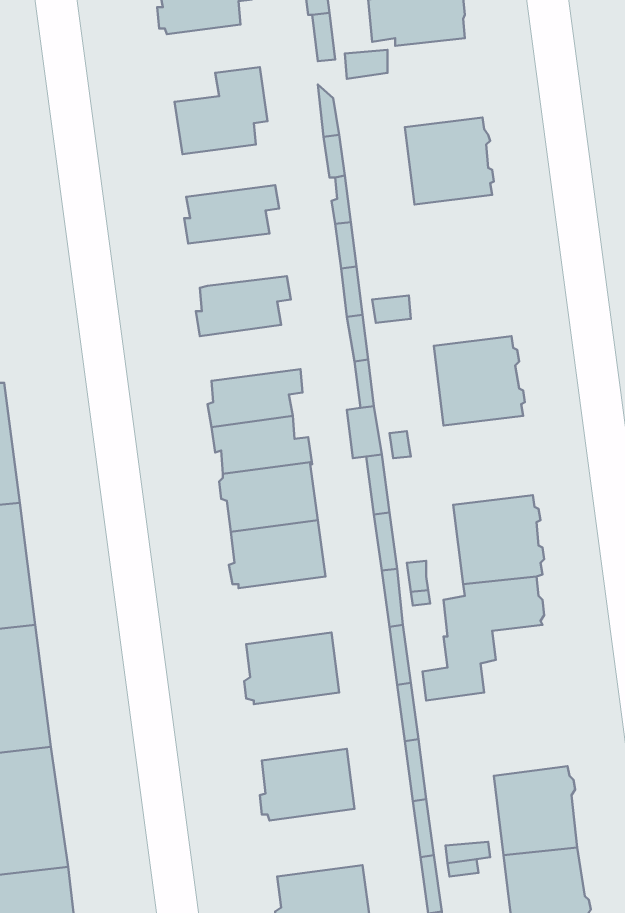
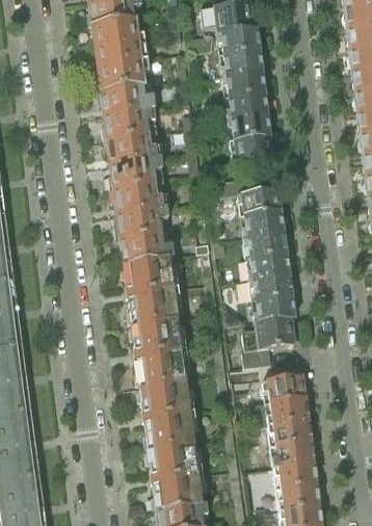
building: none -> [94,21,143,62]
building: none -> [216,27,264,76]
building: none -> [99,85,152,113]
building: none -> [227,112,274,160]
building: none -> [105,133,158,162]
building: none -> [111,182,165,212]
building: none -> [242,231,291,279]
building: none -> [129,317,182,353]
building: none -> [264,375,311,424]
building: none -> [137,379,190,416]
building: none -> [145,442,198,478]

